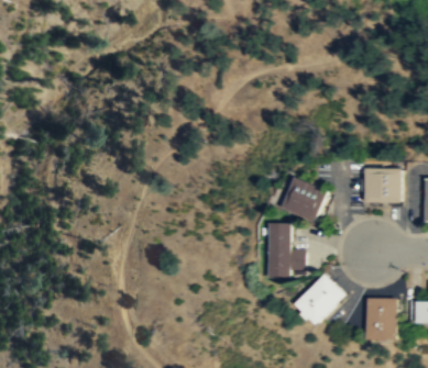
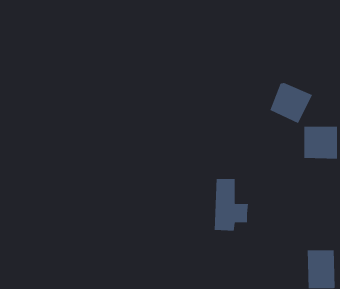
building: [283,178,329,222] -> [270,82,313,124]
building: [295,275,344,324] -> none

